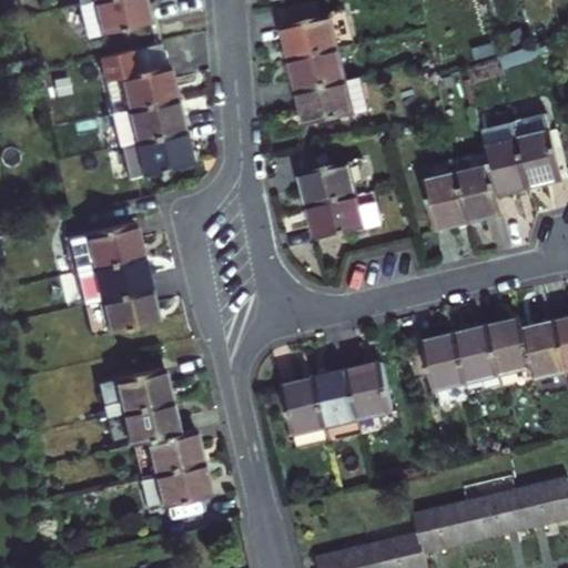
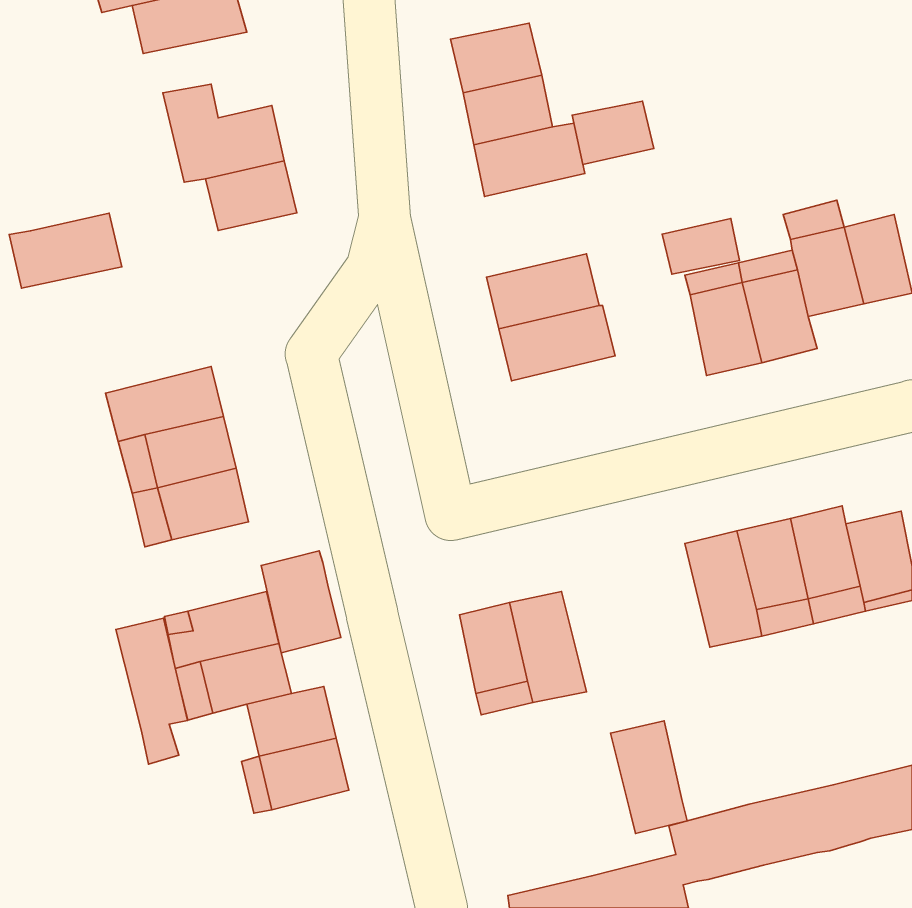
building: none -> [572,101,654,164]
building: [122,132,192,179] -> [9,213,122,288]
building: none -> [662,219,740,274]
building: none -> [261,551,341,653]
building: [348,359,396,429] -> [610,721,687,833]
building: none -> [116,618,187,764]

